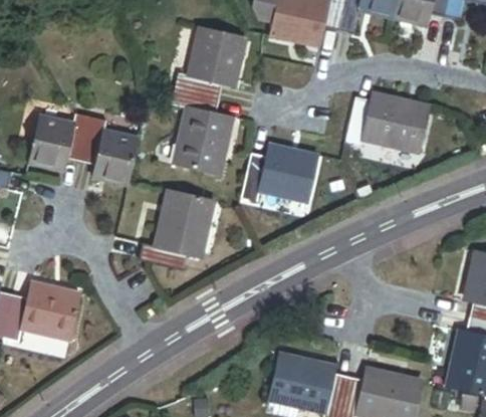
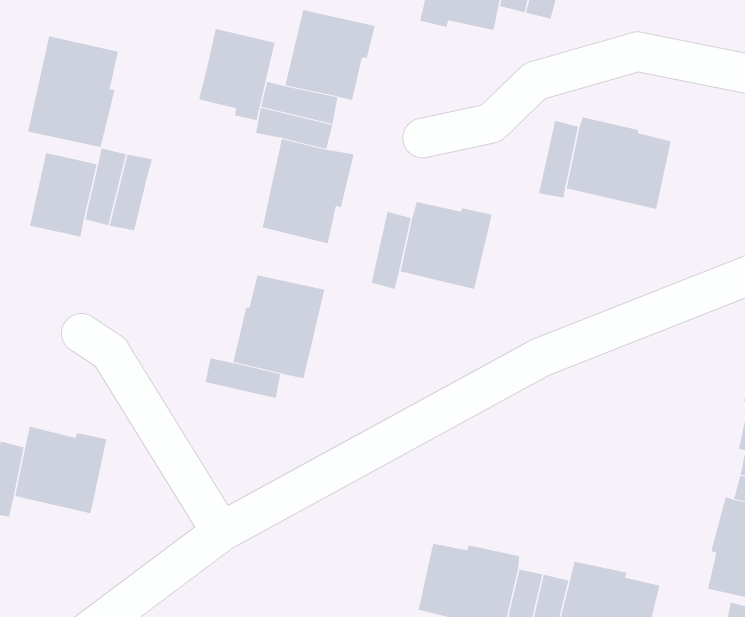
building: none -> [199,28,275,121]
building: none -> [27,35,119,148]
building: [93,131,137,183] -> none

